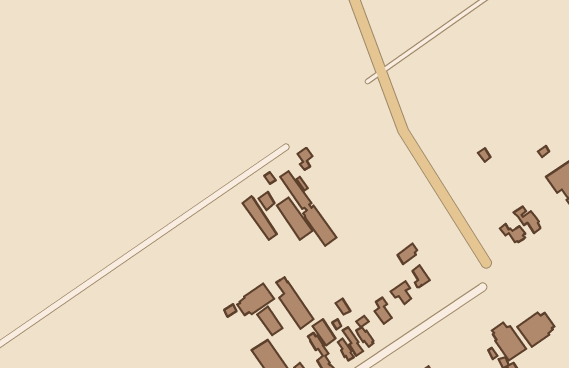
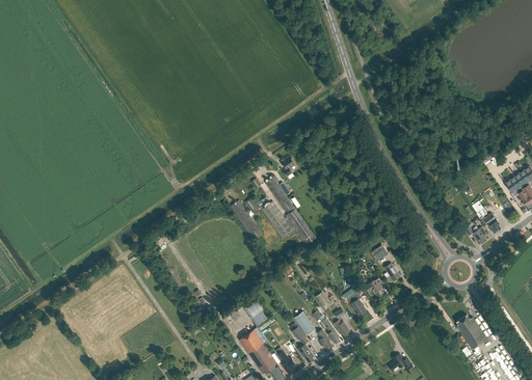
building: [276,277,314,329] -> none
building: [237,284,274,315] -> none
building: [517,313,555,347] -> none

